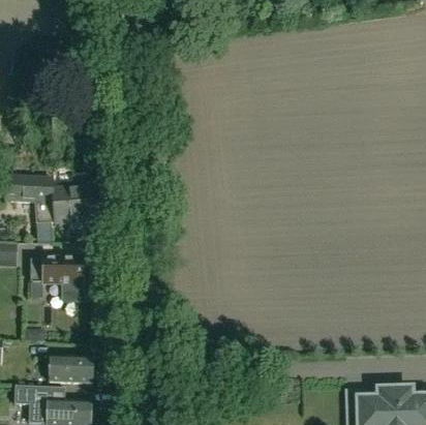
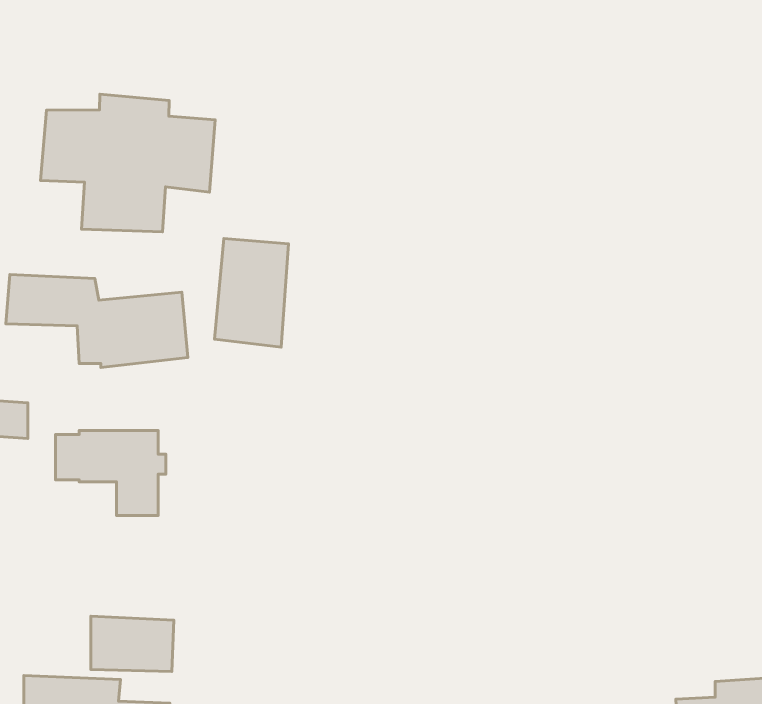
building: none -> [41,94,215,232]
building: none -> [214,239,289,347]

